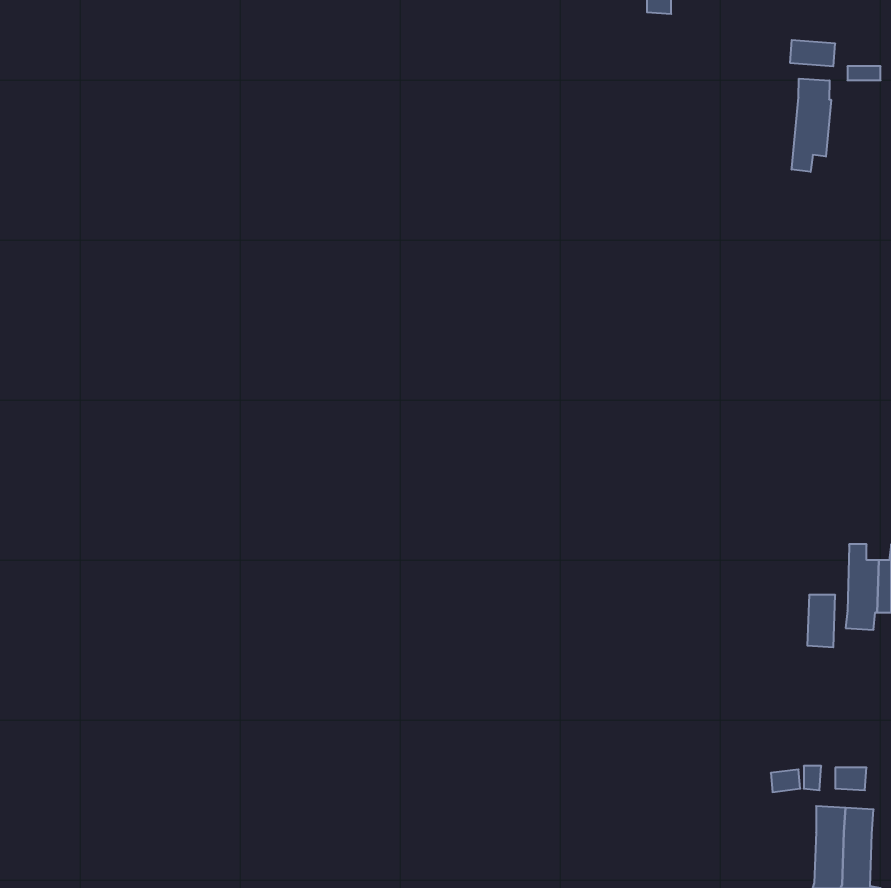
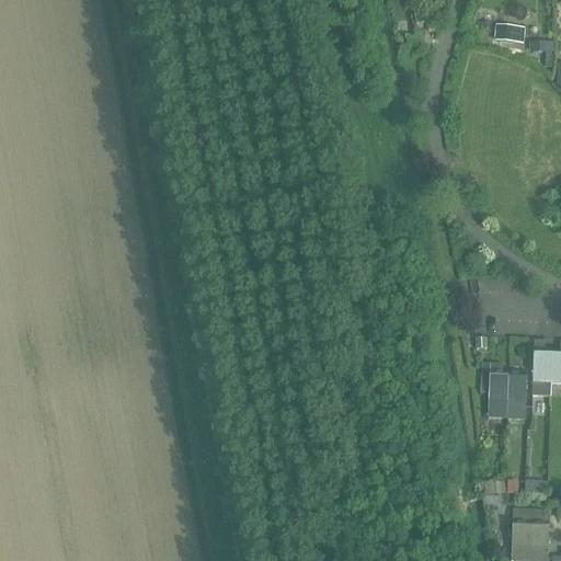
building: [792,79,831,172] -> none
building: none -> [488,364,508,419]

